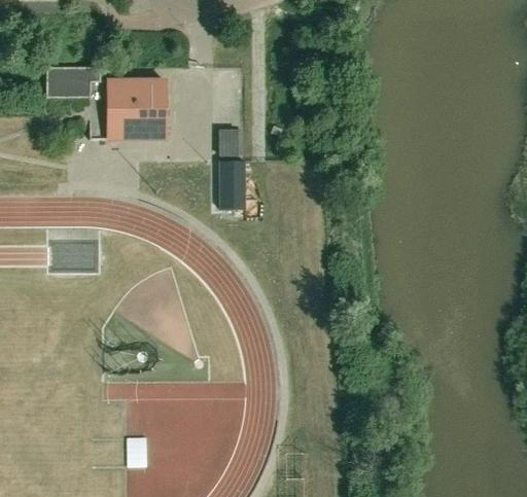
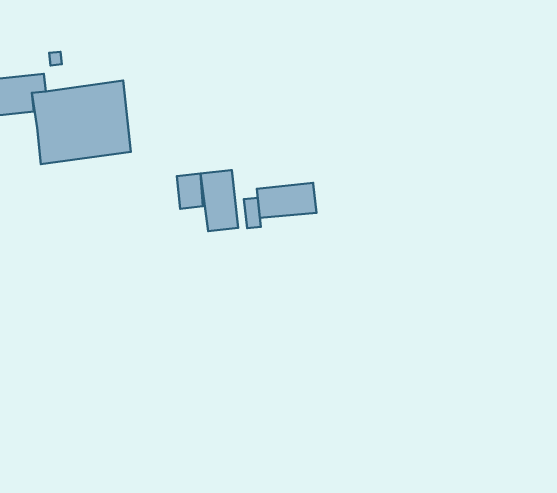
building: [219,128,239,154] -> [177,174,203,209]
building: none -> [257,183,316,218]

